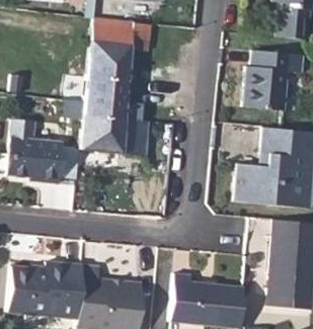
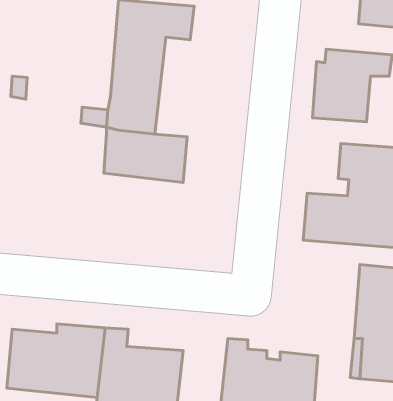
building: [11,137,84,183] -> none

